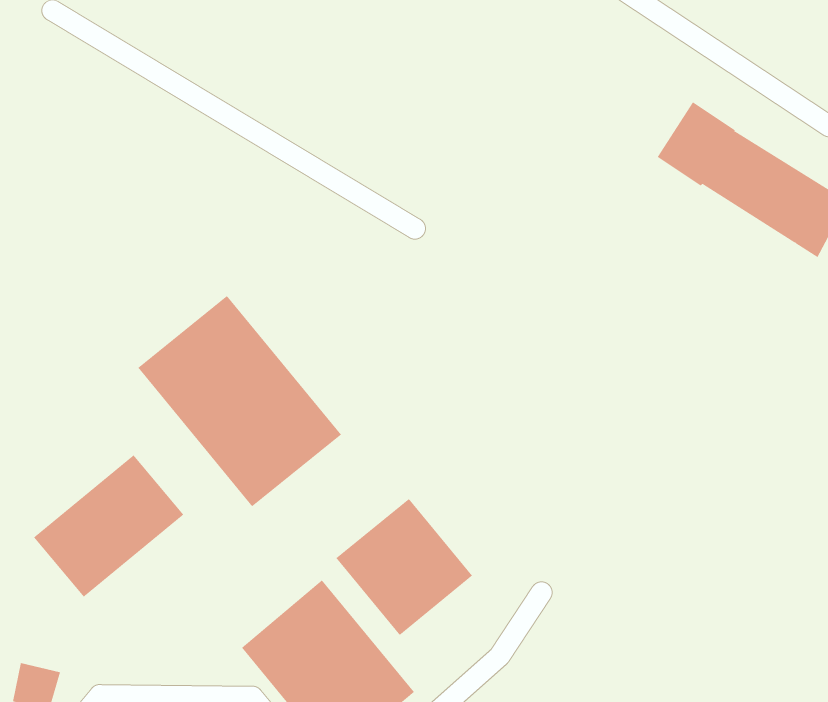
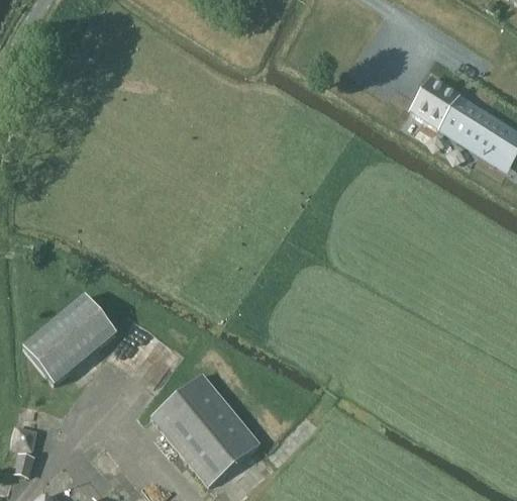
building: [137,295,342,507] -> none
building: [336,498,473,636] -> none

